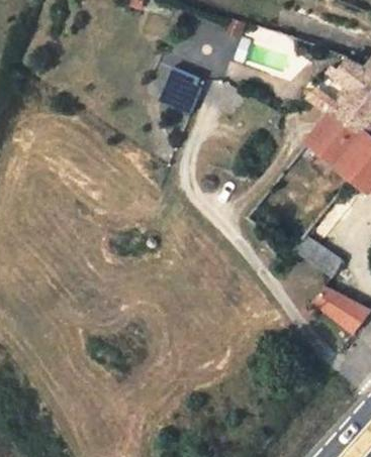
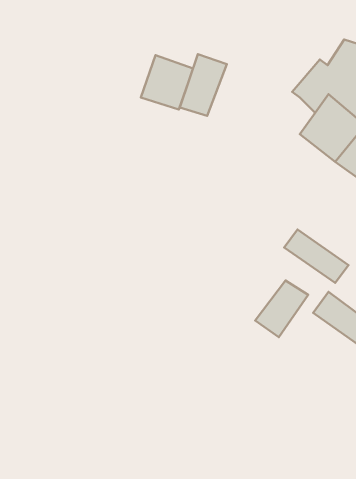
building: none -> [180,54,227,116]
building: none -> [255,281,308,337]

